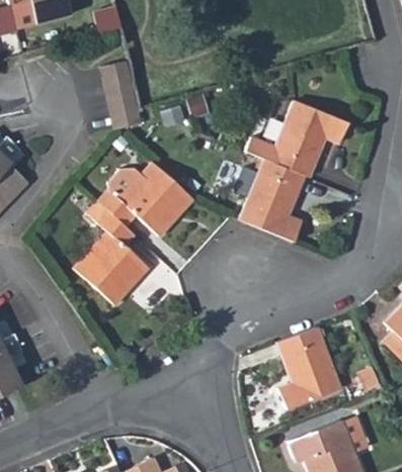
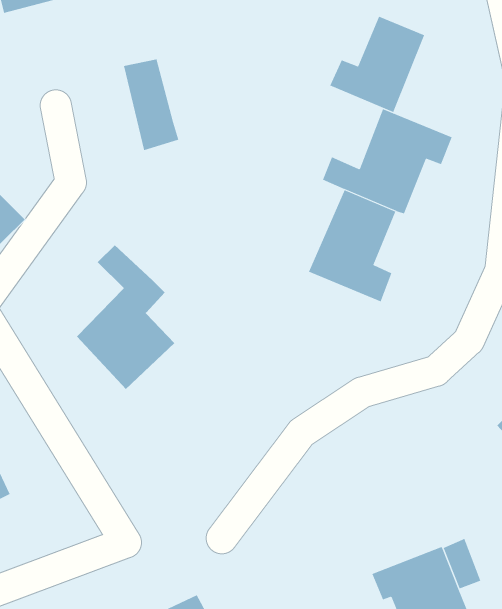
building: none -> [329,16,425,113]
building: [98,163,197,241] -> none
building: [276,324,339,405] -> none

